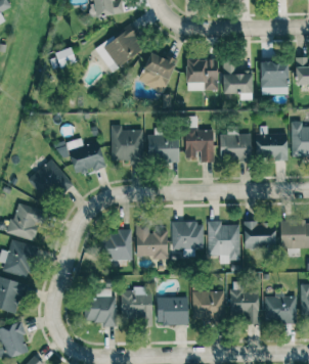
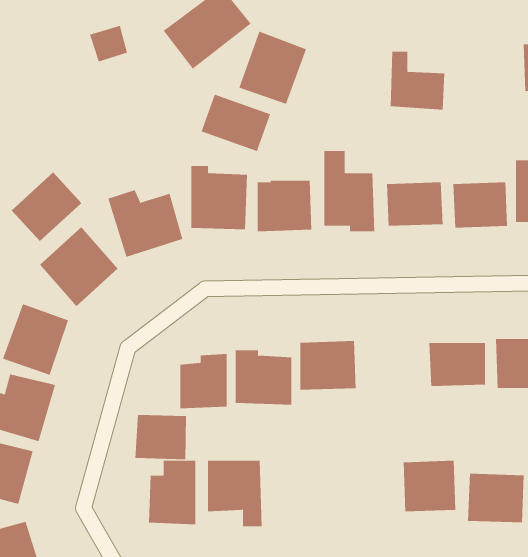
building: [187,59,218,91] -> none
building: [261,61,289,95] -> none
building: none -> [201,94,271,152]
building: none -> [11,172,82,242]
building: [208,221,239,264] -> none
building: none -> [135,414,187,460]
building: [192,290,224,318] -> none
building: [157,297,188,324] -> none

